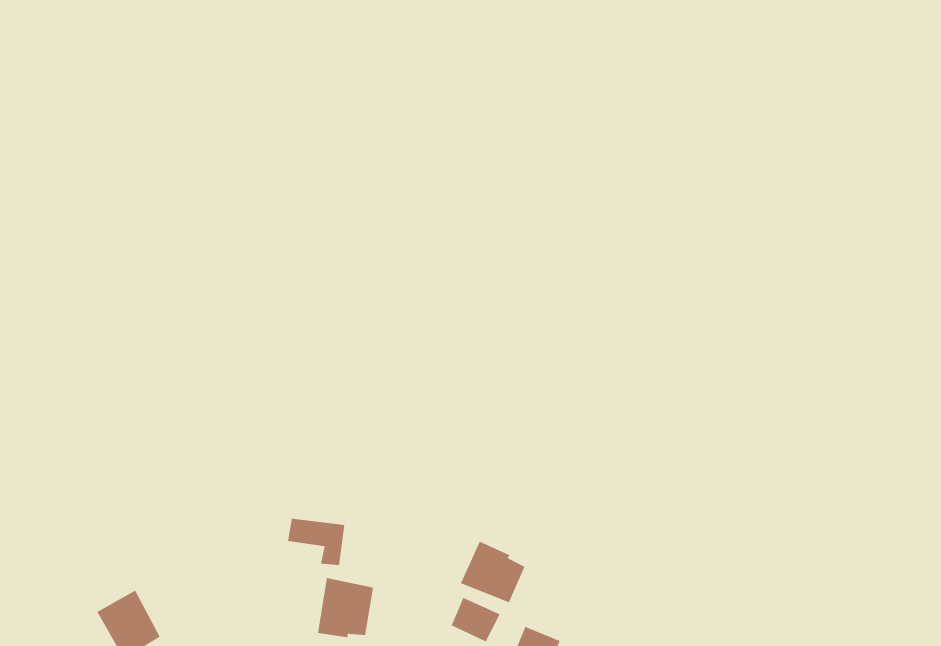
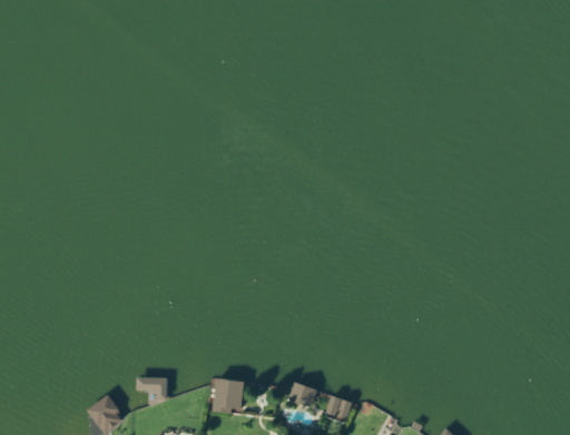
building: [287,518,345,565] -> [135,376,167,401]
building: [460,541,525,603] -> none

